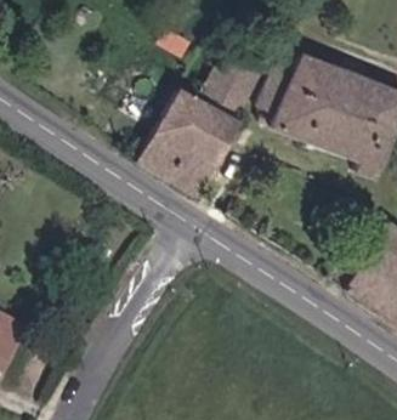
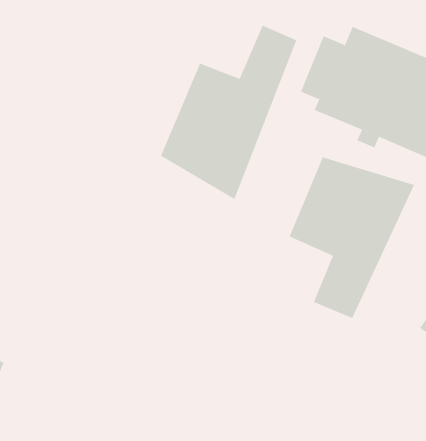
building: none -> [289,157,415,319]

